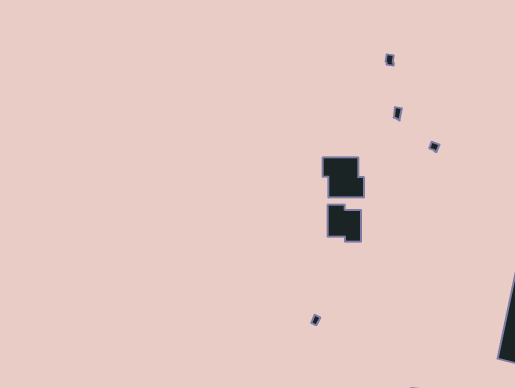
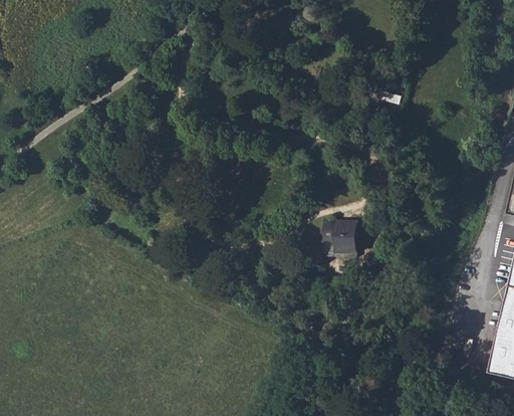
building: [323,157,364,198] -> none

